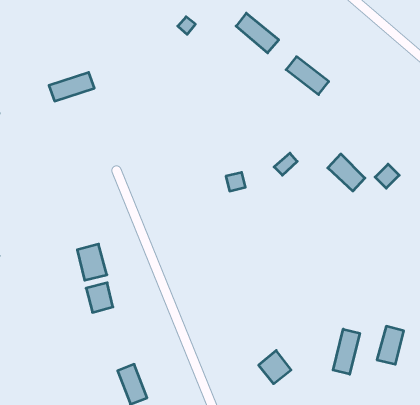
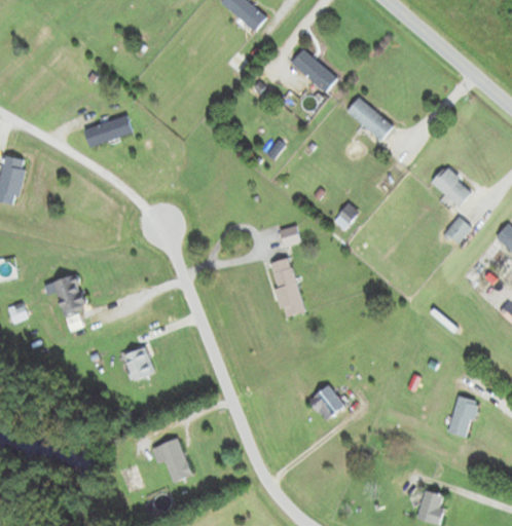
building: [328,154,365,191] -> [431,165,472,206]
building: none -> [271,267,303,317]
building: [77,244,107,280] -> [53,274,86,314]
building: [333,329,360,374] -> none
building: [259,350,291,384] -> [308,384,344,421]

